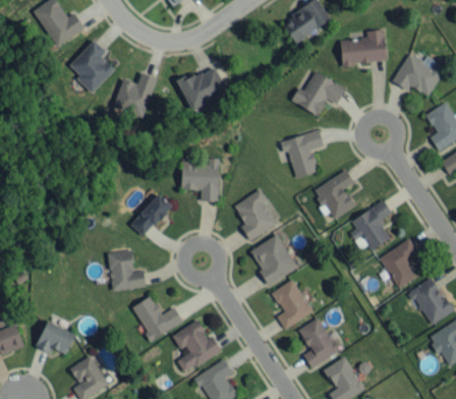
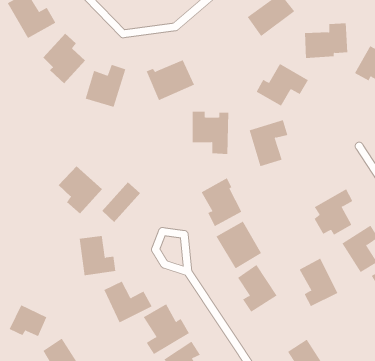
building: [181,157,220,202] -> [192,111,229,155]
building: [314,170,354,220] -> none
building: none -> [58,166,103,215]
building: [298,317,339,367] -> [299,258,338,307]

